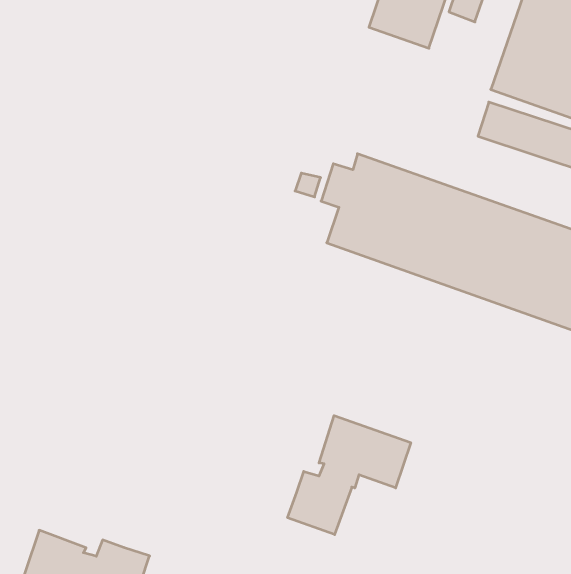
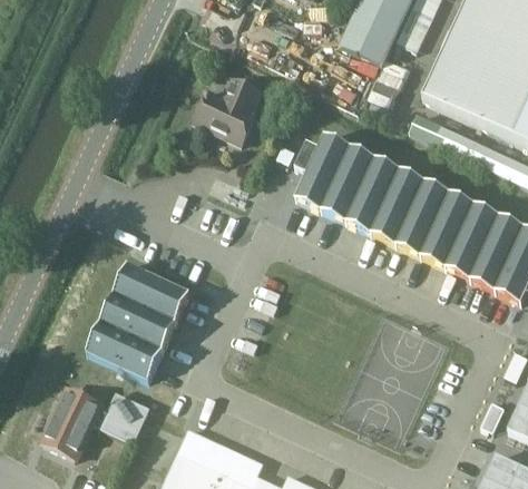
building: none -> [196,79,263,144]
building: none -> [86,263,189,379]
building: [288,416,411,535] -> none

